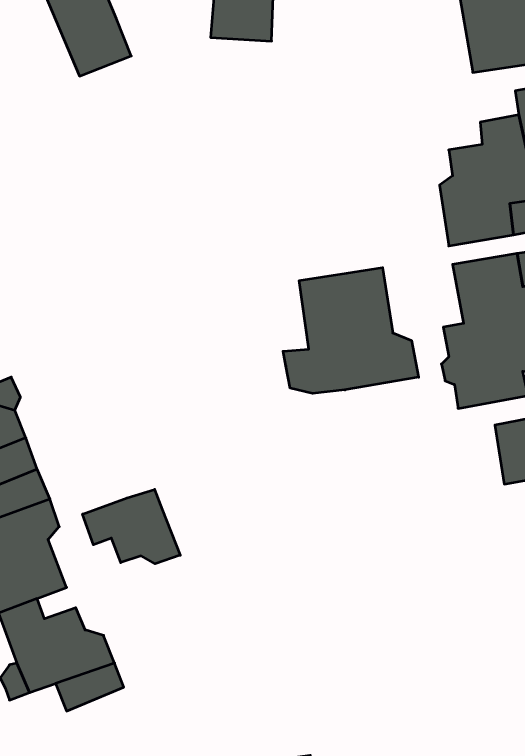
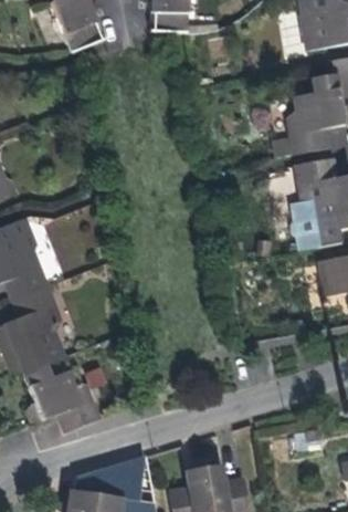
building: [283,268,419,393] -> none
building: [83,489,180,564] -> none

